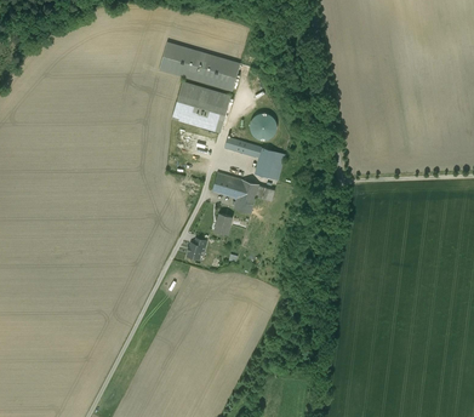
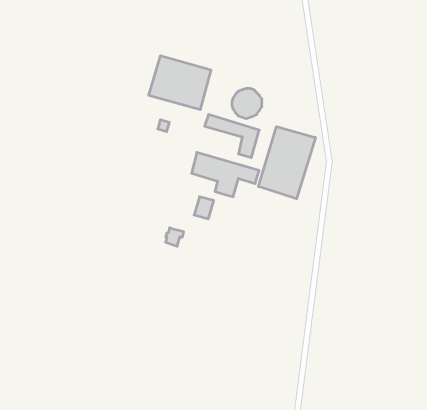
building: [160,42,240,91] -> none
building: none -> [258,127,315,199]

